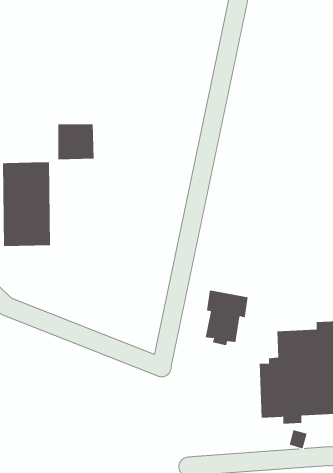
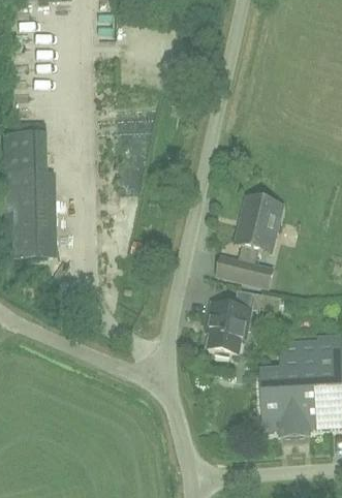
building: [57,124,95,160] -> [9,135,46,172]
building: none -> [217,194,282,285]

